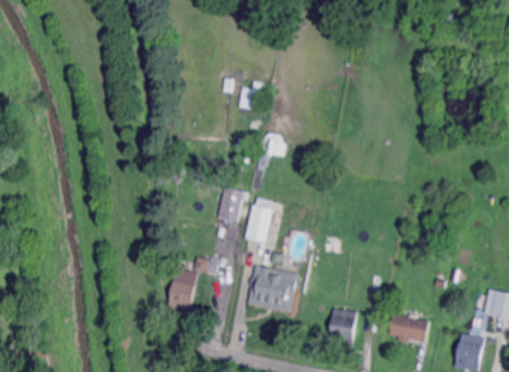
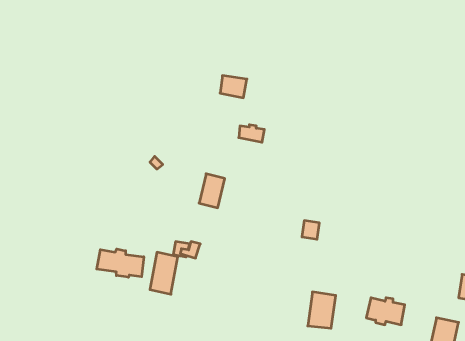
building: [244,199,272,242] -> none
building: none -> [97,249,144,277]
building: [247,266,297,311] -> none

